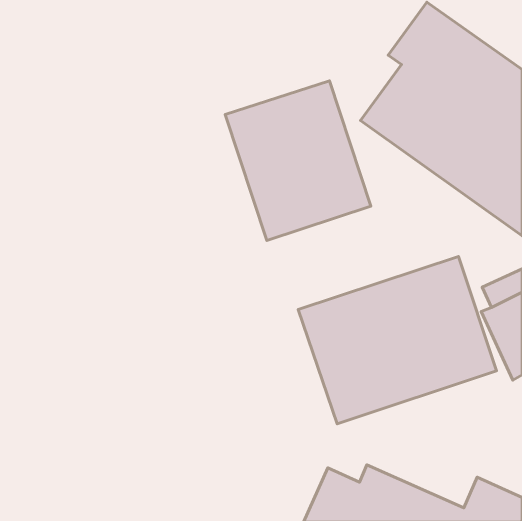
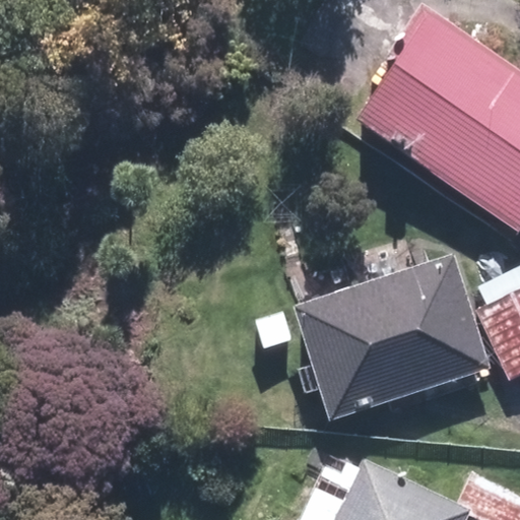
building: [225,81,371,241] -> none

